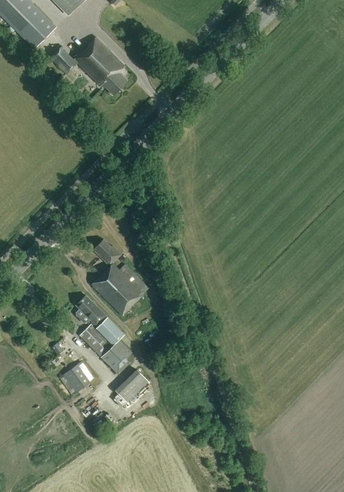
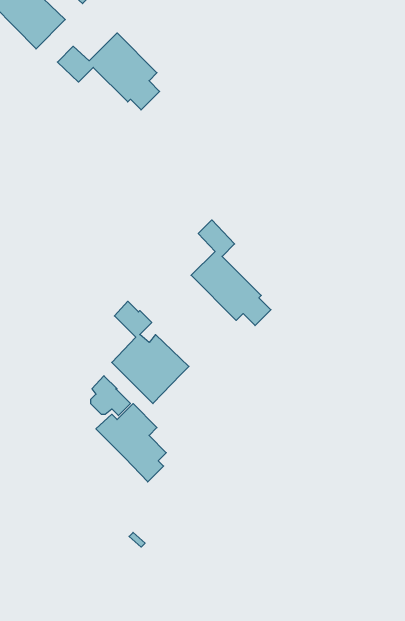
building: none -> [191,220,271,326]
building: [64,362,94,392] -> none
building: [115,369,148,402] -> none

